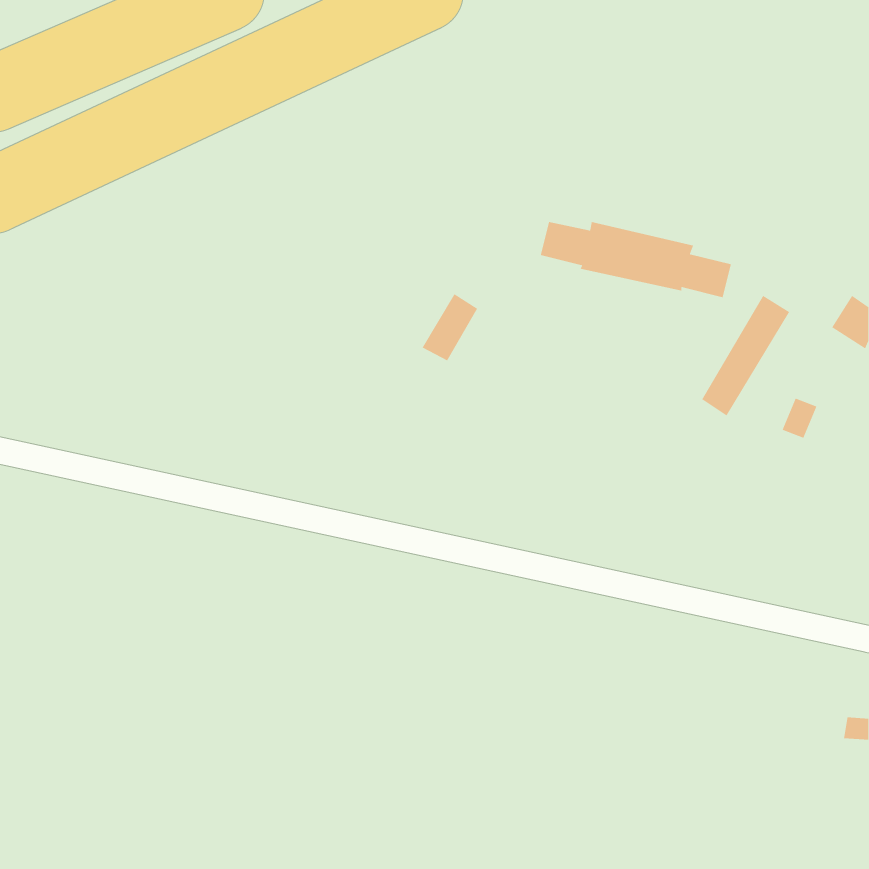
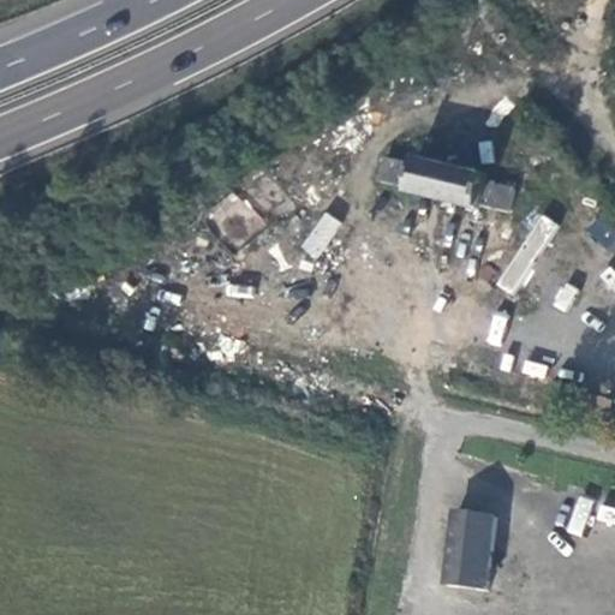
building: none -> [443,517,496,593]

